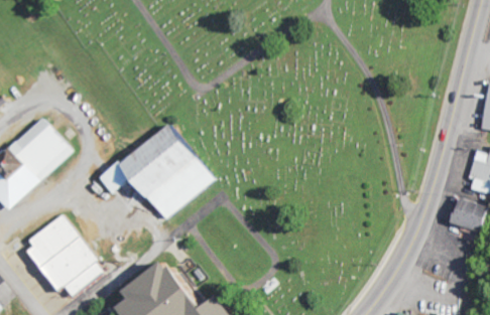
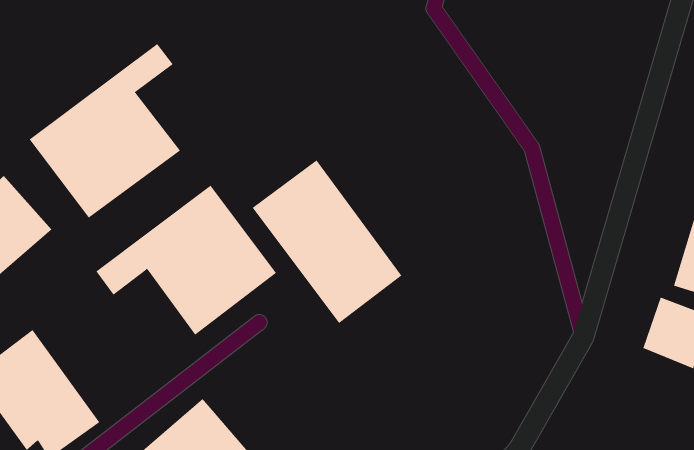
building: none -> [29,43,181,219]
building: none -> [252,160,402,324]

